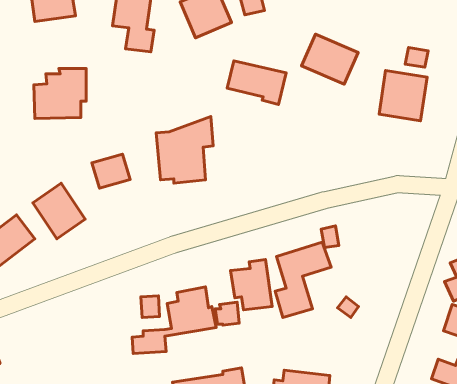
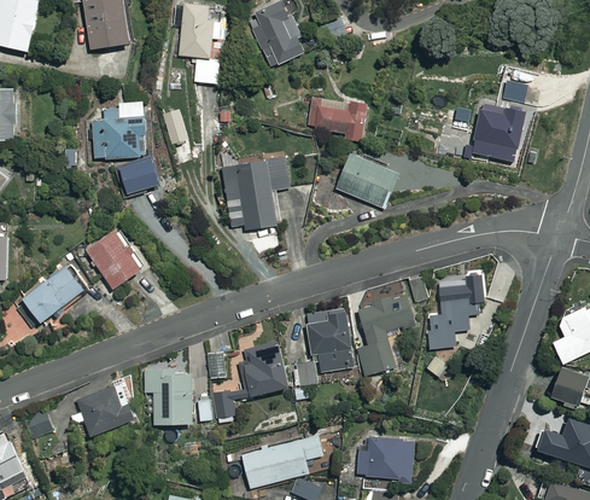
building: [301,34,358,84] -> [335,153,398,209]
building: [92,154,130,188] -> [121,157,163,194]
building: none -> [427,275,486,348]
building: none -> [141,368,194,425]
building: none -> [70,384,138,438]

